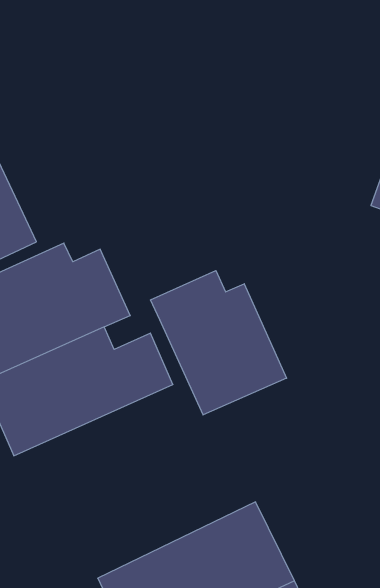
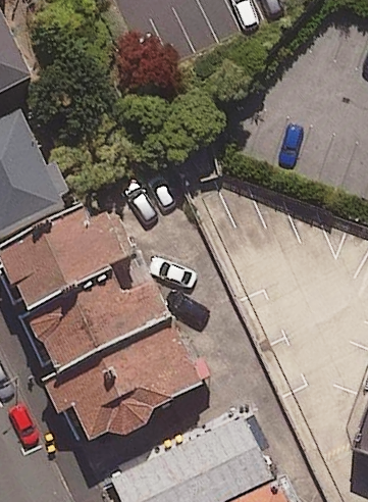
building: [150,271,287,415] -> none
building: none -> [47,323,207,450]

